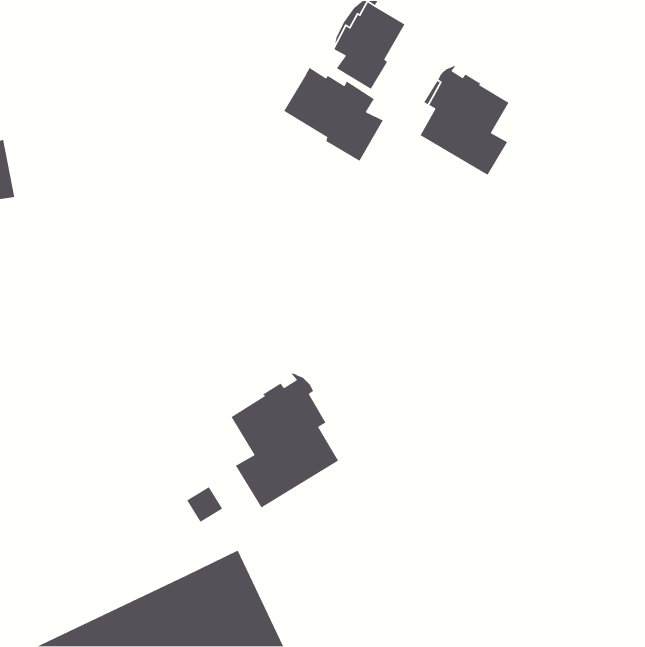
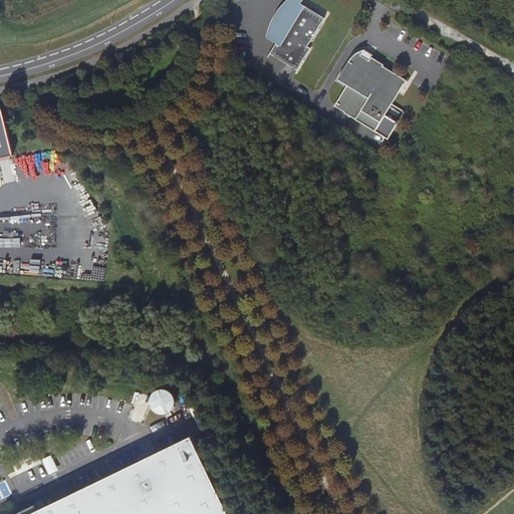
building: [283,67,384,162] -> none
building: [231,372,339,508] -> none

